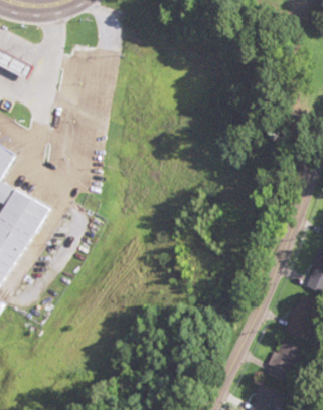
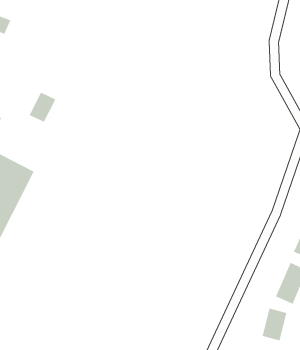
building: none -> [29,92,56,123]

